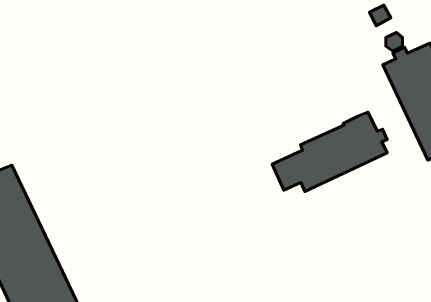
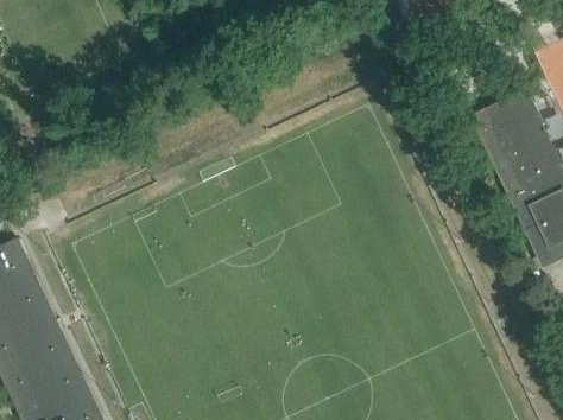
building: [272,112,387,191] -> none

